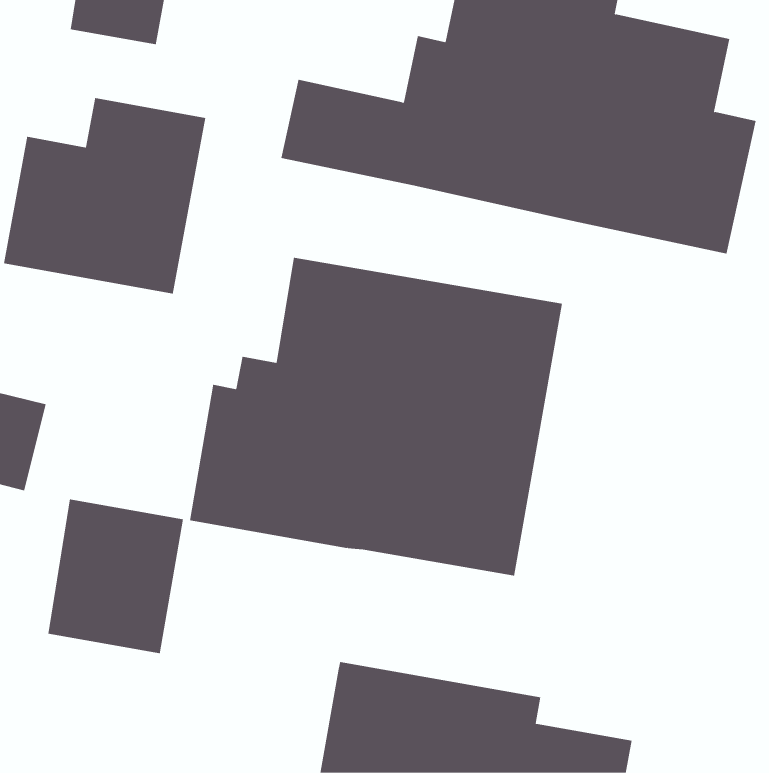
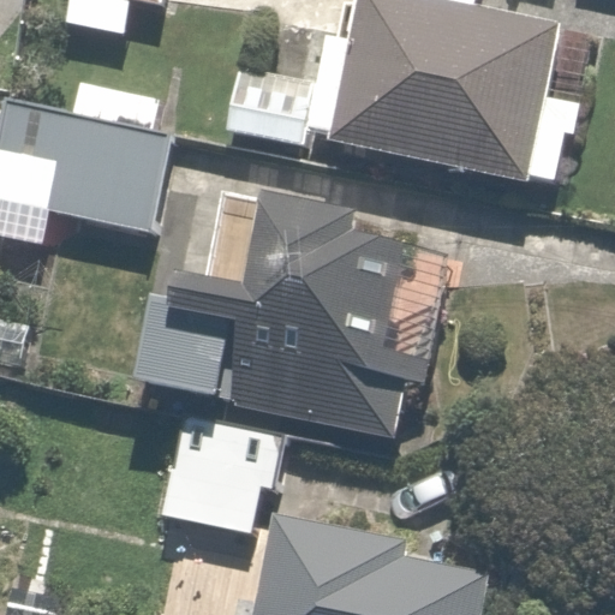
building: [47,499,184,654] -> [163,410,269,530]

